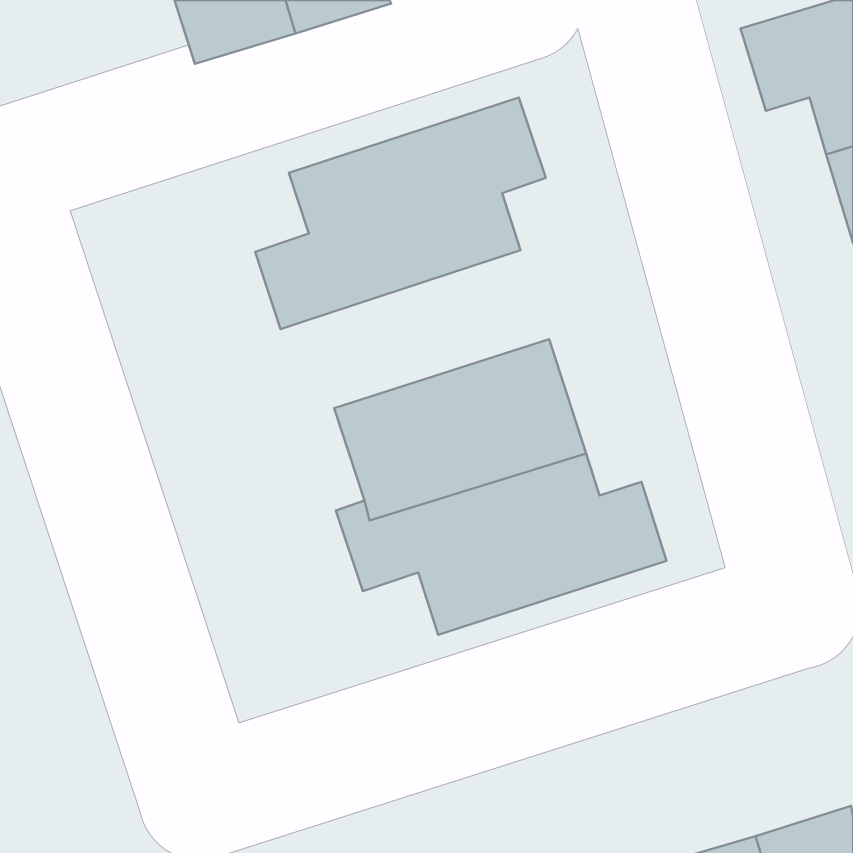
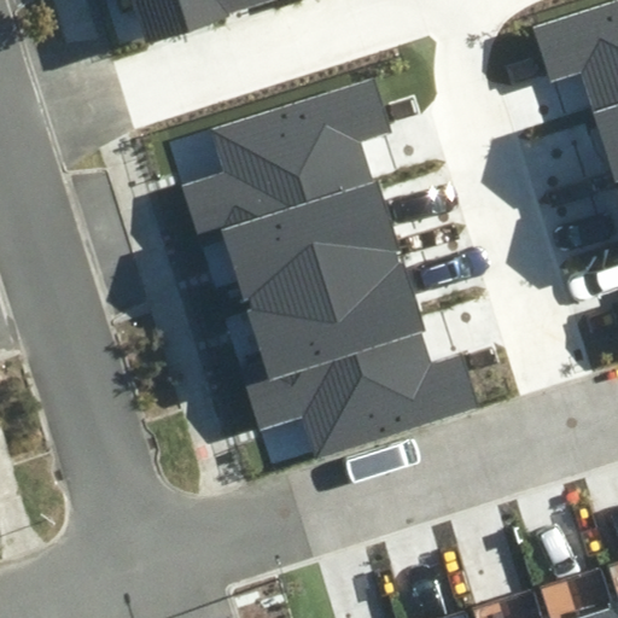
building: none -> [220,183,395,297]

